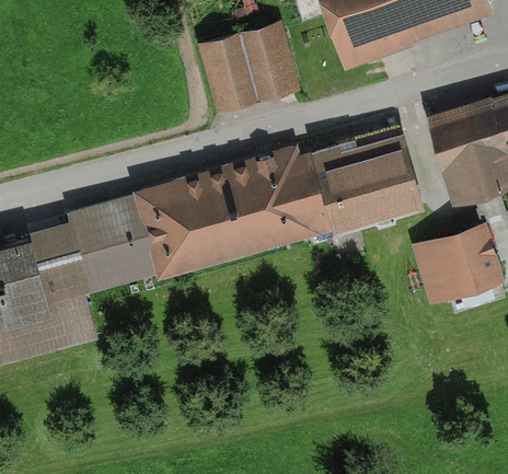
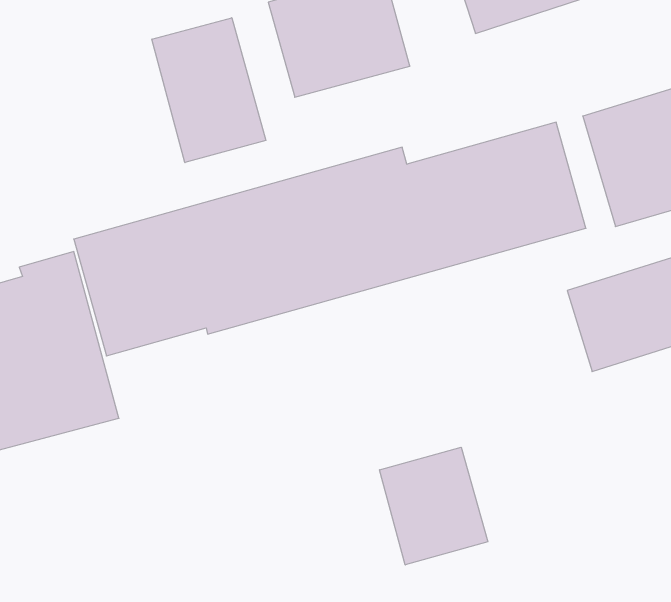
building: none -> [152,18,266,163]
building: none -> [380,447,488,565]

